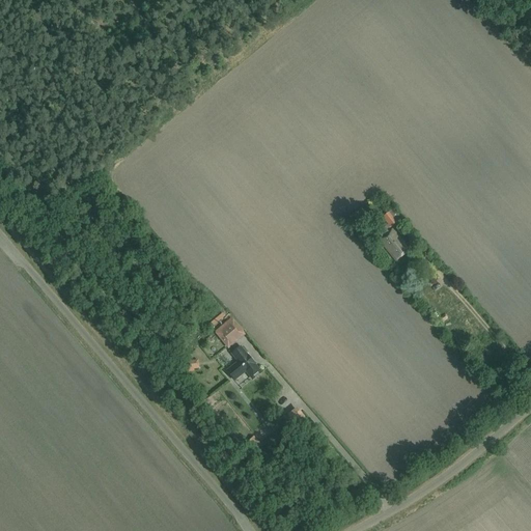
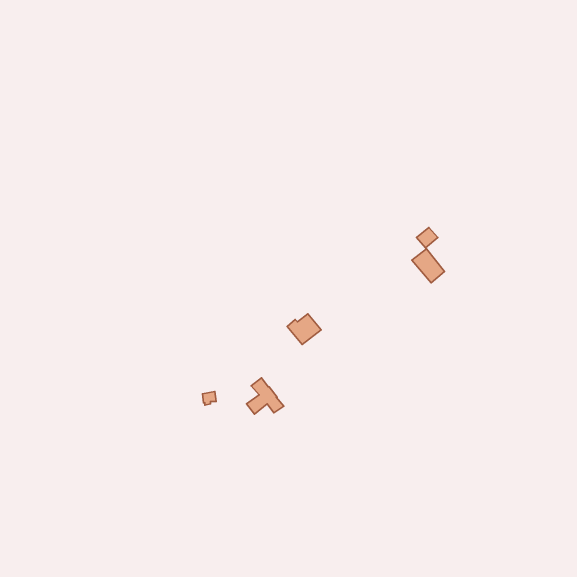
building: [214,319,245,347] -> [287,314,321,344]

